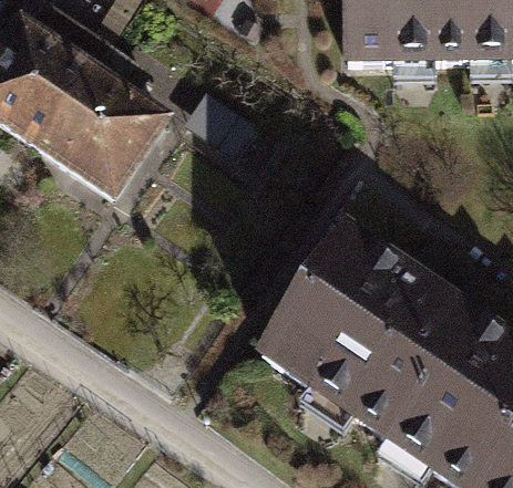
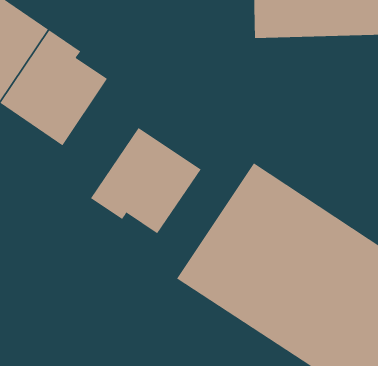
building: none -> [90,127,201,234]

